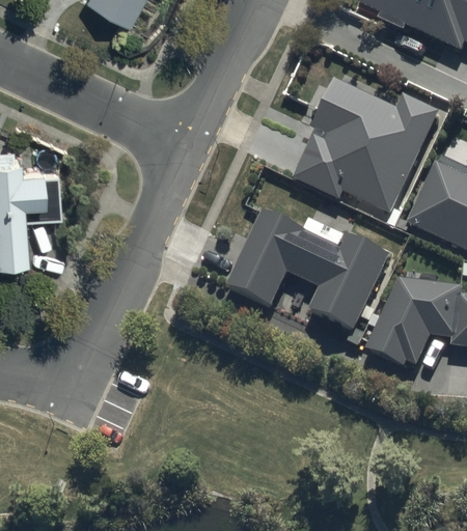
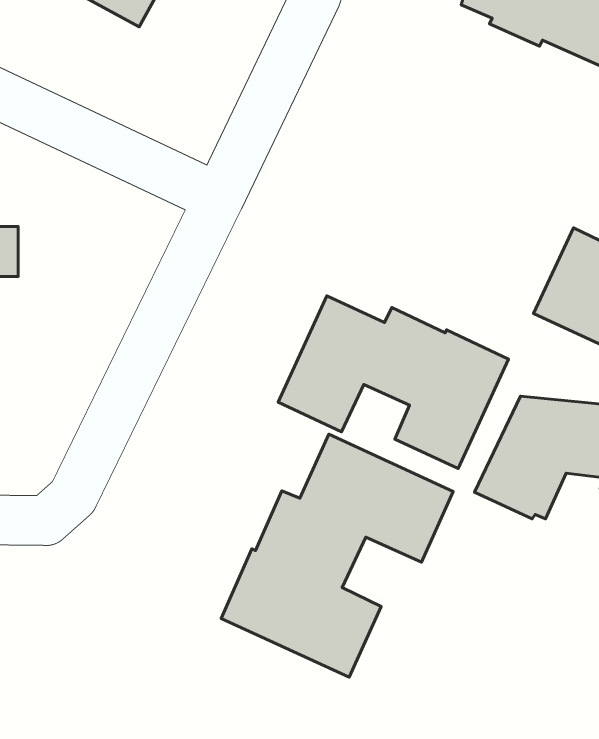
building: [293,79,441,214] -> none
building: none -> [221,434,453,677]

